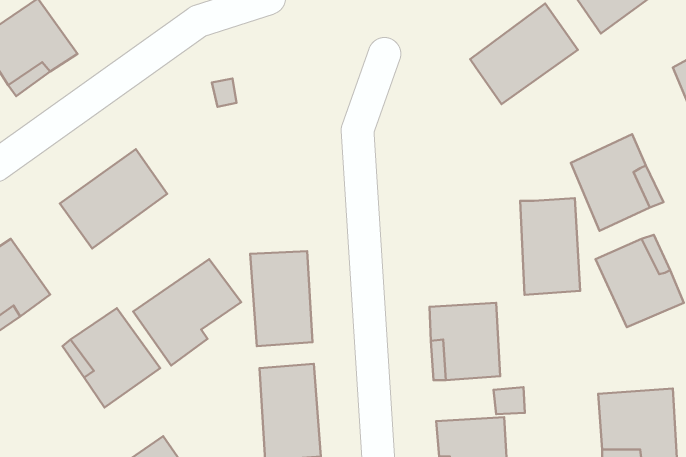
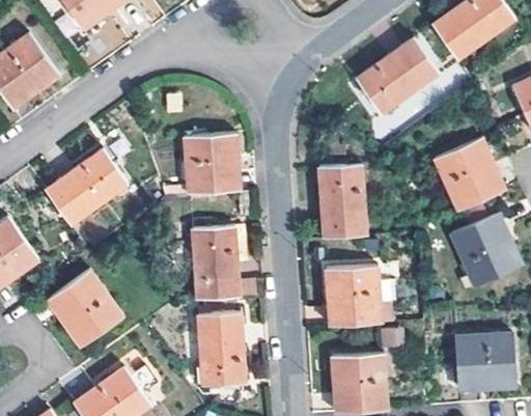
building: none -> [184,134,241,193]
building: [520,198,580,295] -> [322,163,367,237]
building: [133,259,241,365] -> none

